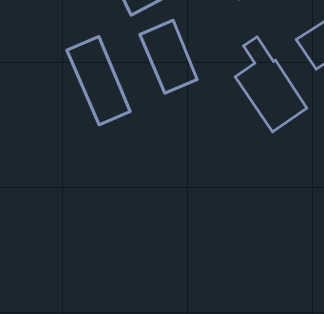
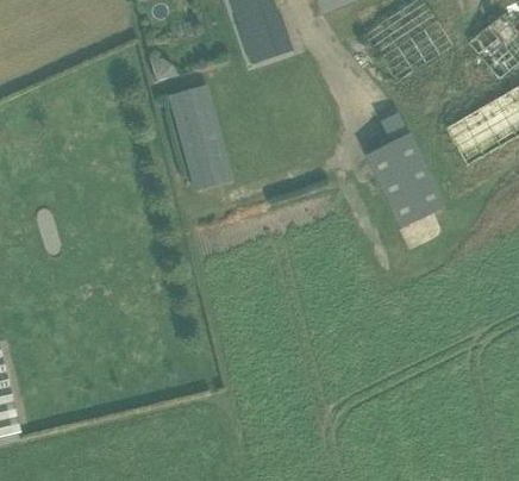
building: [140,20,197,93] -> none

